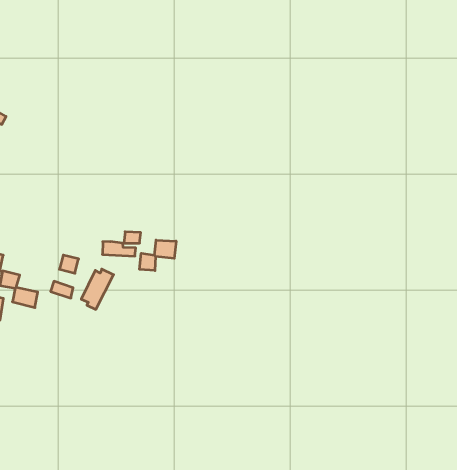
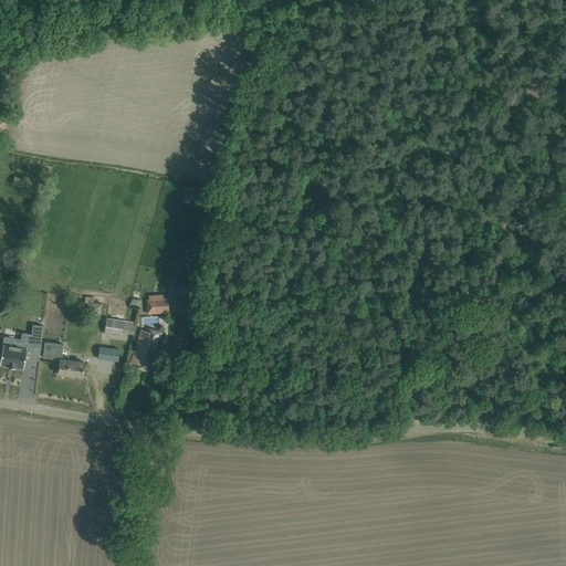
building: [140,240,176,271] -> none

